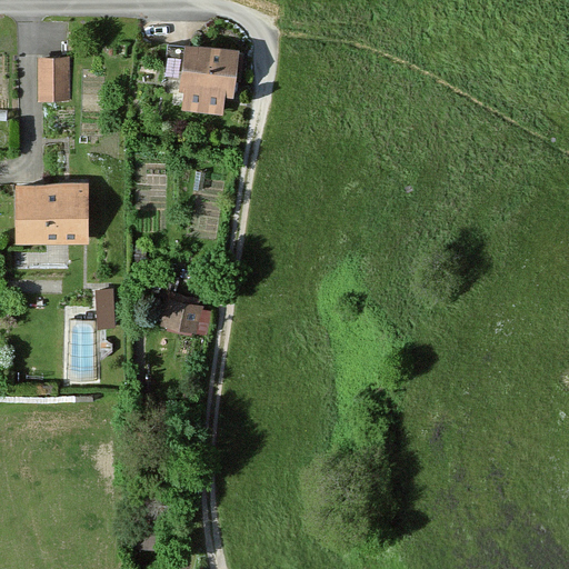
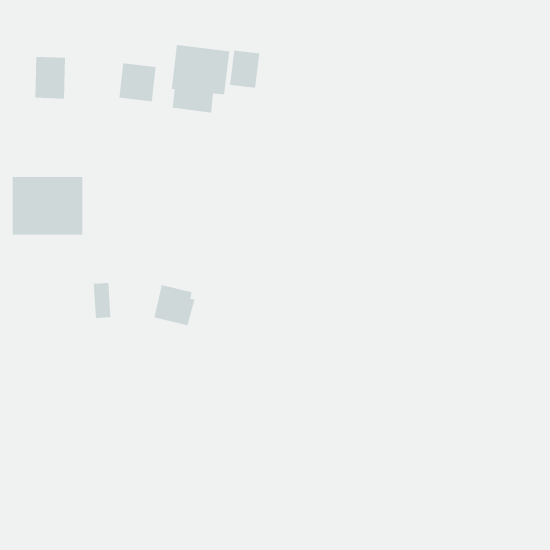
building: none -> [229,50,260,88]
building: none -> [118,63,157,102]

